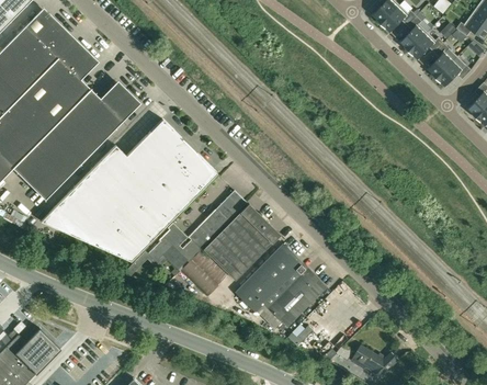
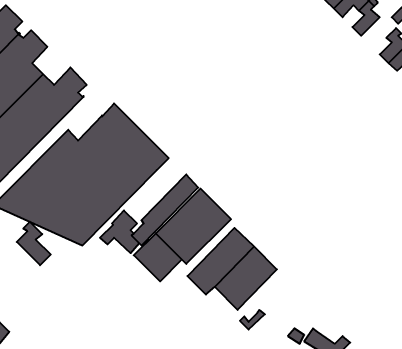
building: [409,33,444,60] -> none
building: none -> [17,222,51,265]

